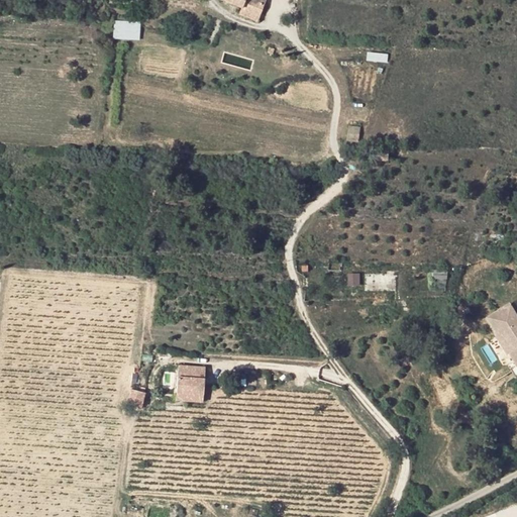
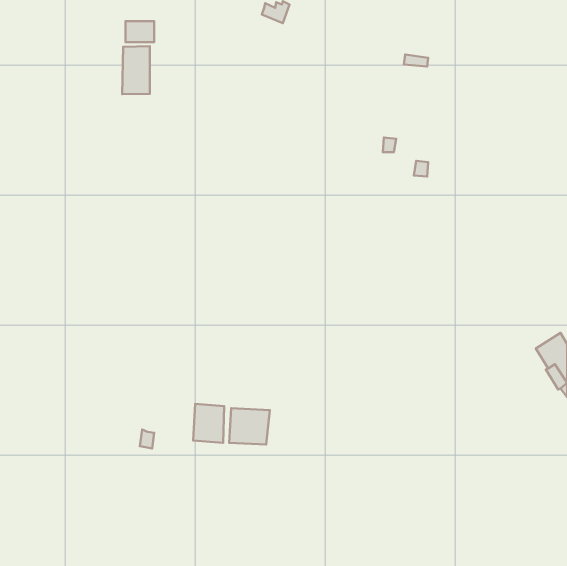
building: none -> [122,46,150,94]
building: none -> [229,408,270,444]

